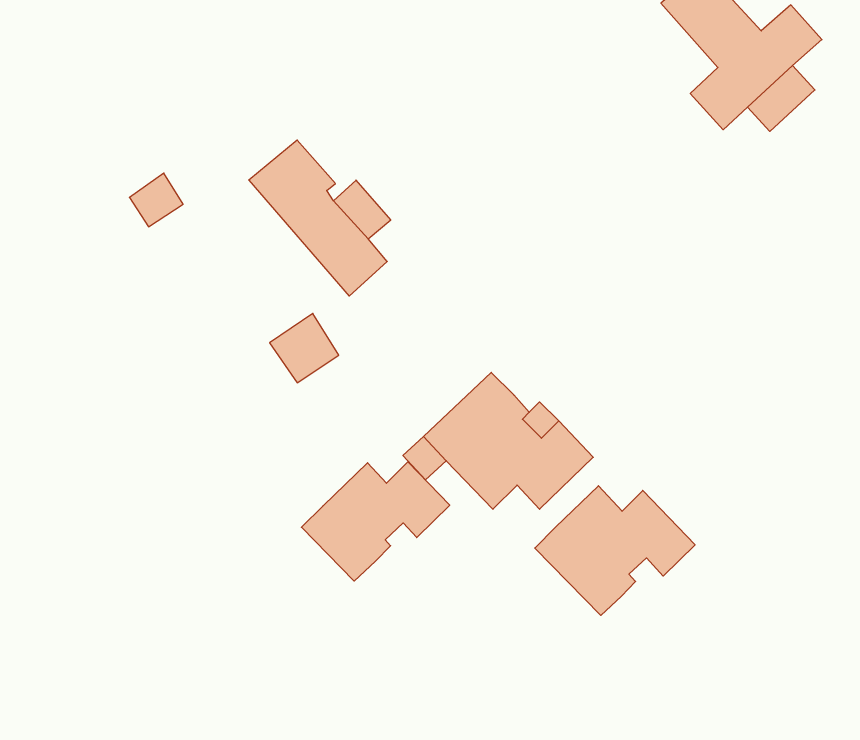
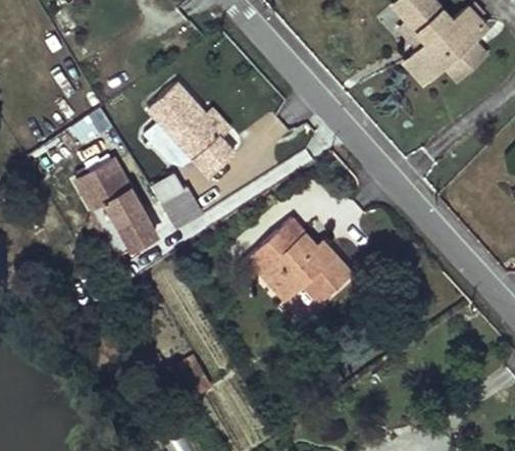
building: none -> [74,153,156,255]
building: [301,462,450,581] -> none
building: [535,486,695,615] -> none

